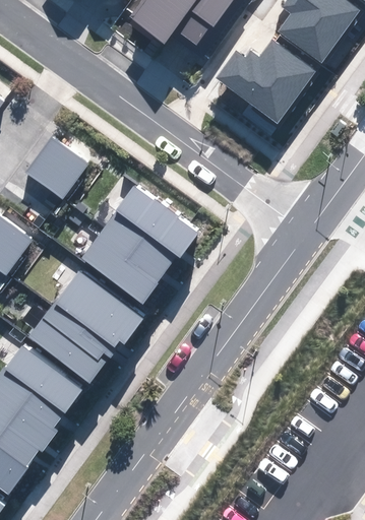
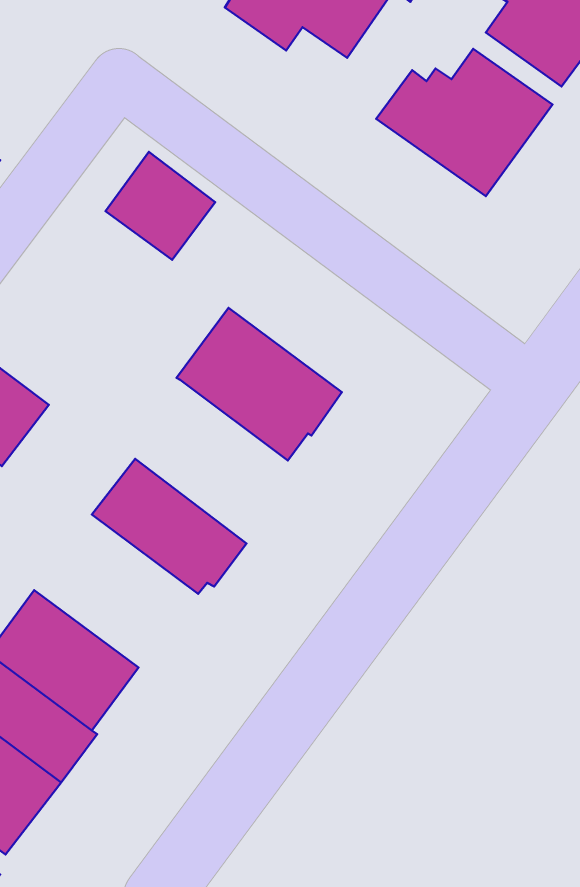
building: [25,137,87,198] -> [106,152,215,260]
building: [81,226,167,304] -> none
building: [27,305,114,383] -> none

